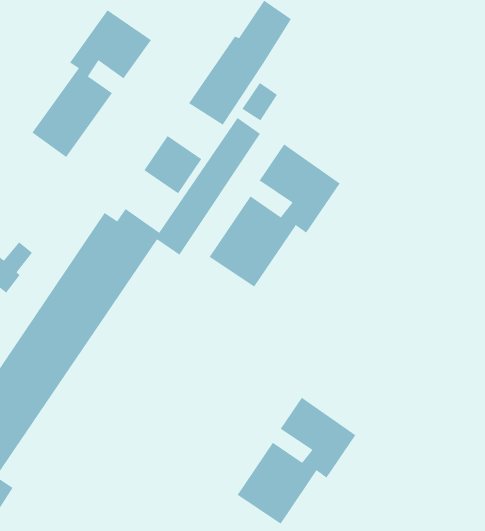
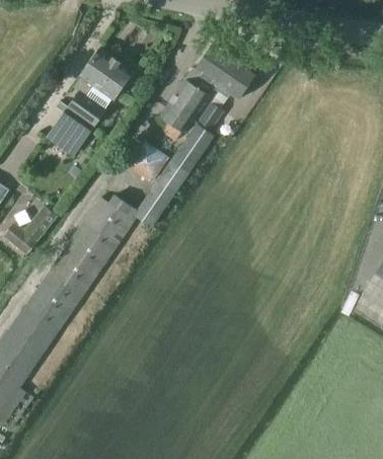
building: none -> [214,56,257,99]
building: [209,144,341,288] -> none
building: [237,397,356,525] -> none

